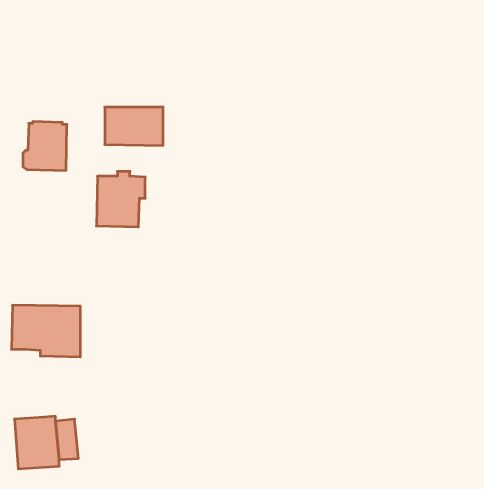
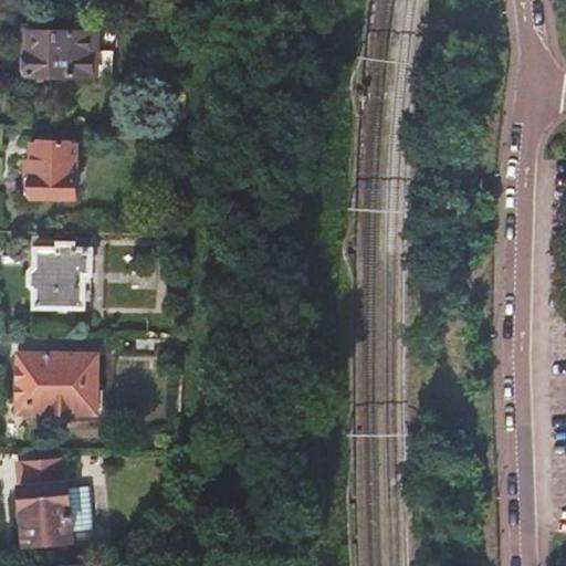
building: [105,107,163,145] -> [28,34,95,78]
building: [96,171,145,227] -> [31,242,87,306]
building: none -> [14,459,64,484]

